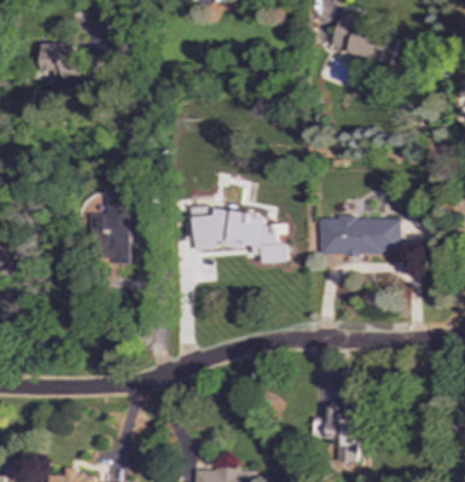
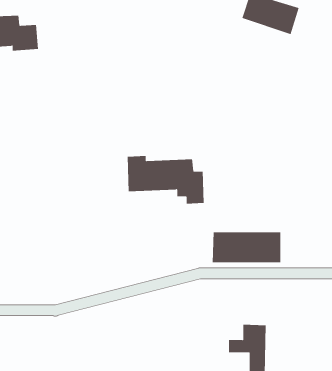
building: [89,198,134,263] -> none
building: [318,217,399,254] -> [212,232,281,263]

